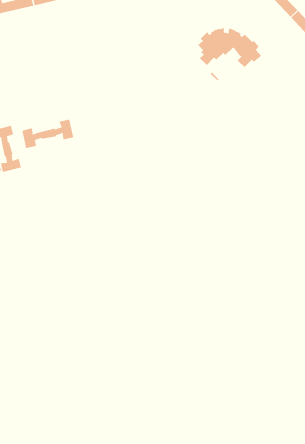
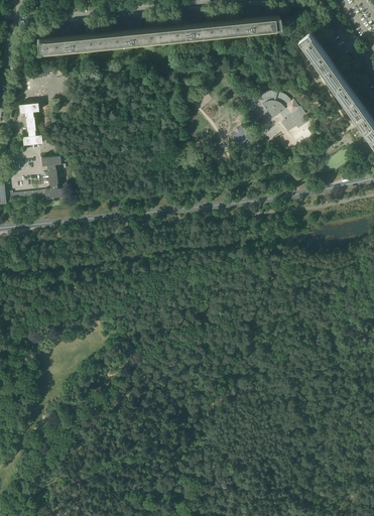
building: [22,119,74,149] -> none

